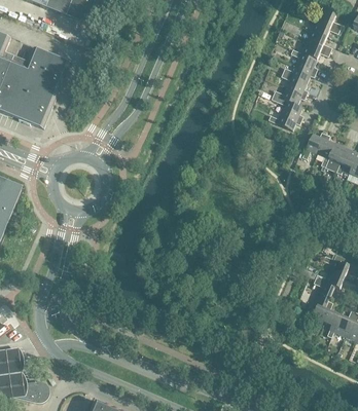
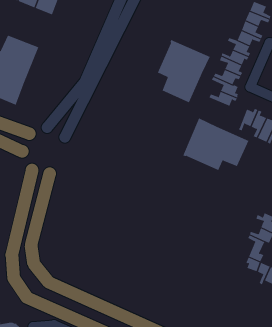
building: none -> [157,39,210,103]
building: none -> [182,118,249,171]

